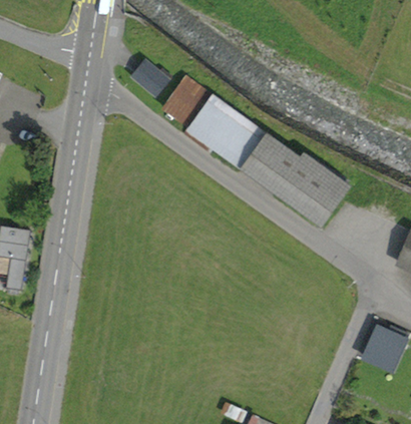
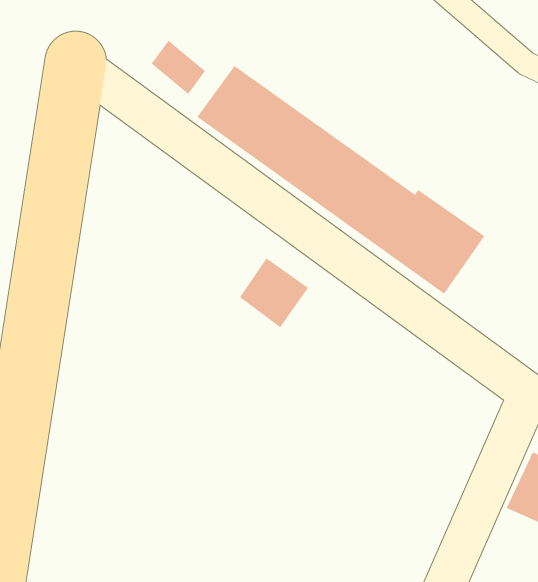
building: none -> [239,258,309,328]

